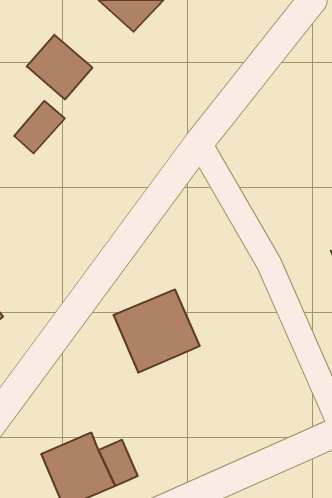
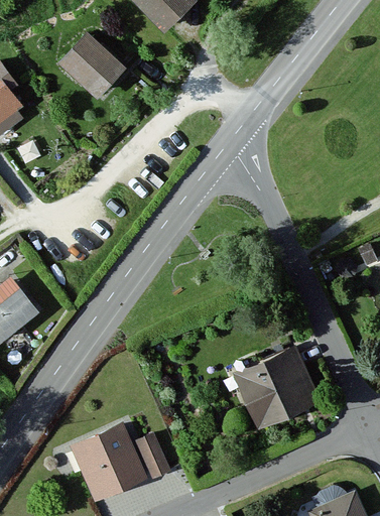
building: [14,101,65,153] -> none
building: [113,290,200,373] -> [234,349,319,430]

